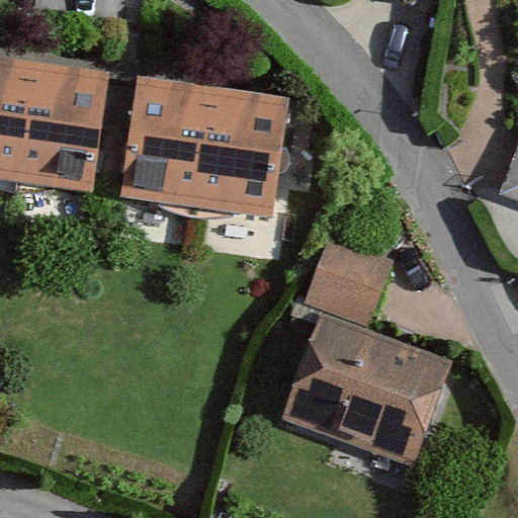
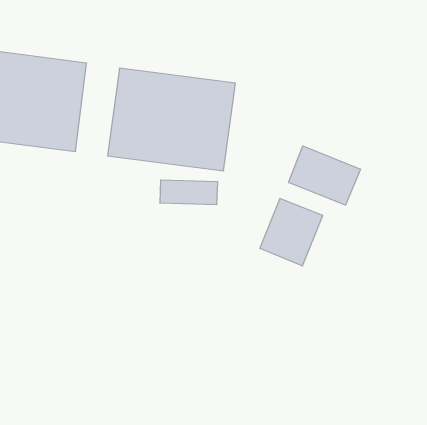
building: none -> [289,146,360,205]
building: [288,322,447,463] -> none

